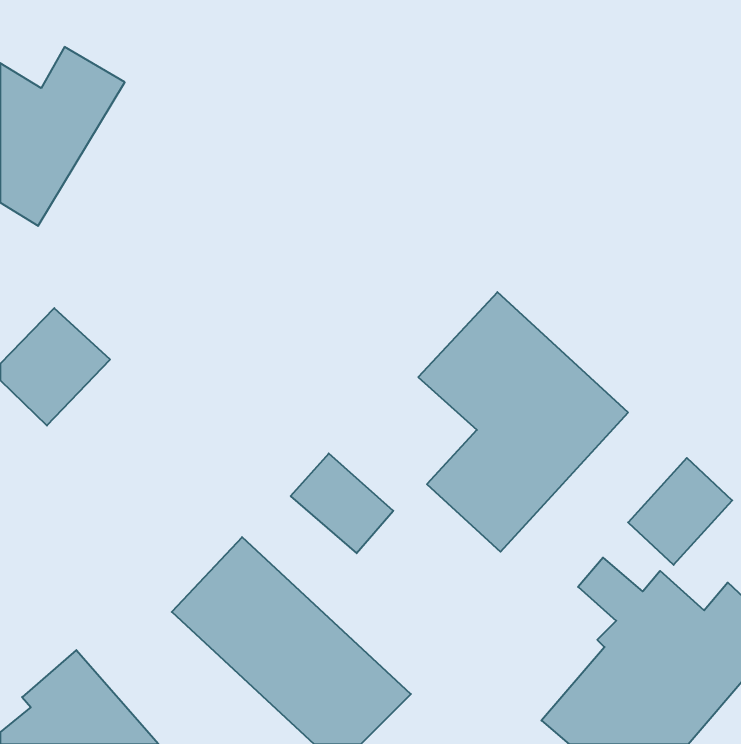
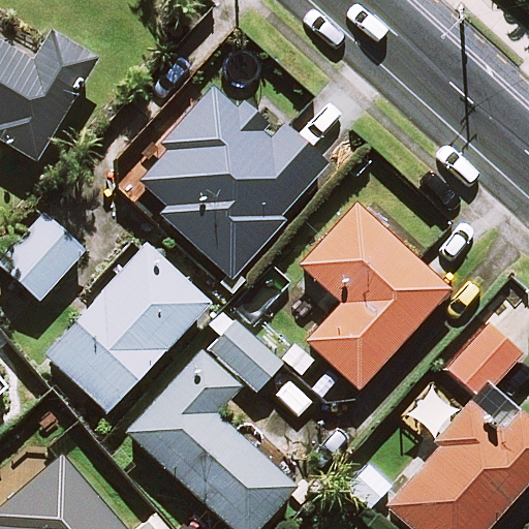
building: none -> [137,91,329,276]
building: none -> [48,249,206,411]

